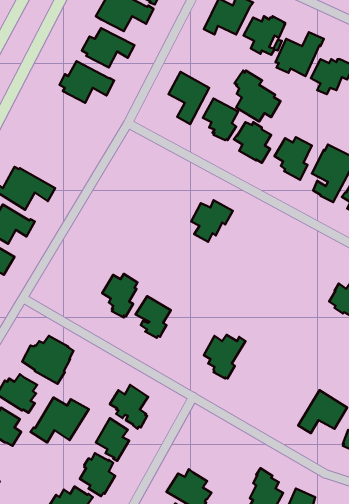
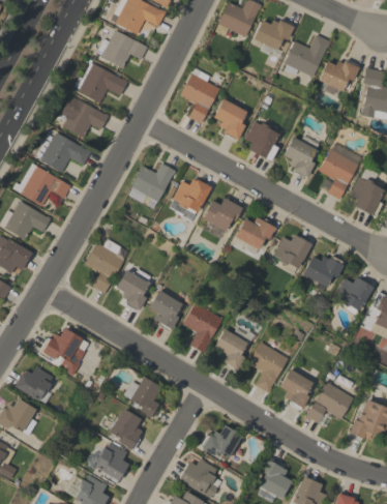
building: [235,70,281,121] -> none
building: none -> [54,95,109,137]
building: none -> [33,129,91,172]
building: none -> [127,162,175,203]
building: none -> [172,178,211,221]
building: none -> [235,216,276,254]
building: none -> [273,234,311,274]
building: none -> [85,238,127,293]
building: none -> [302,256,344,292]
building: none -> [182,302,222,352]
building: none -> [247,342,290,392]
building: none -> [279,368,312,409]
building: [30,398,89,442] -> none
building: none -> [201,424,242,457]

